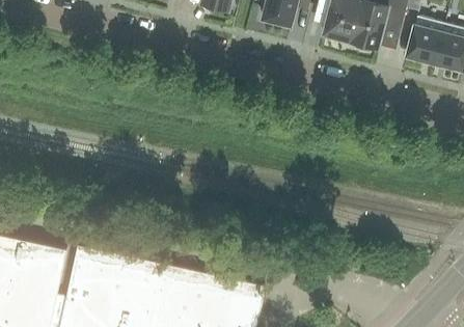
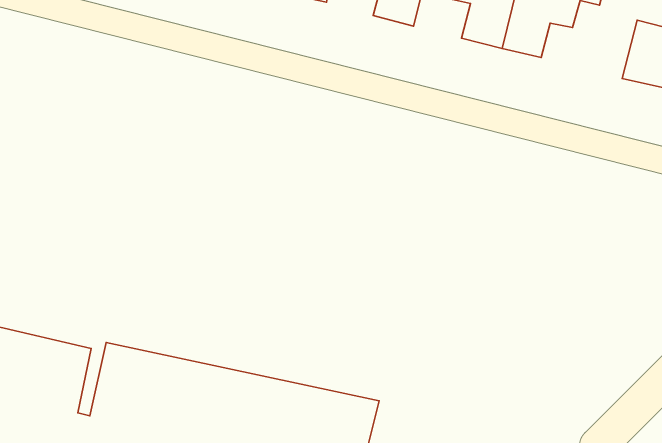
building: [406,15,444,62] -> none

